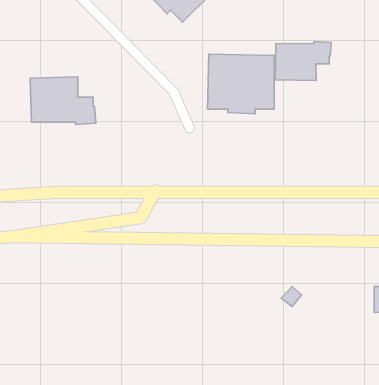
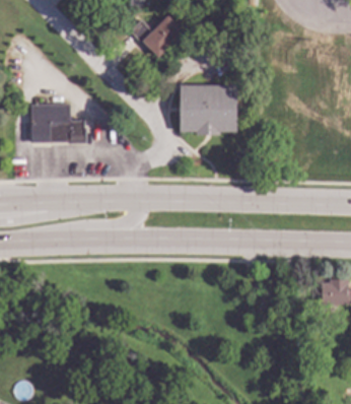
building: [275,42,331,81] -> none

